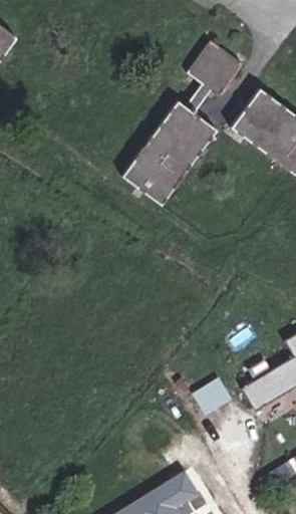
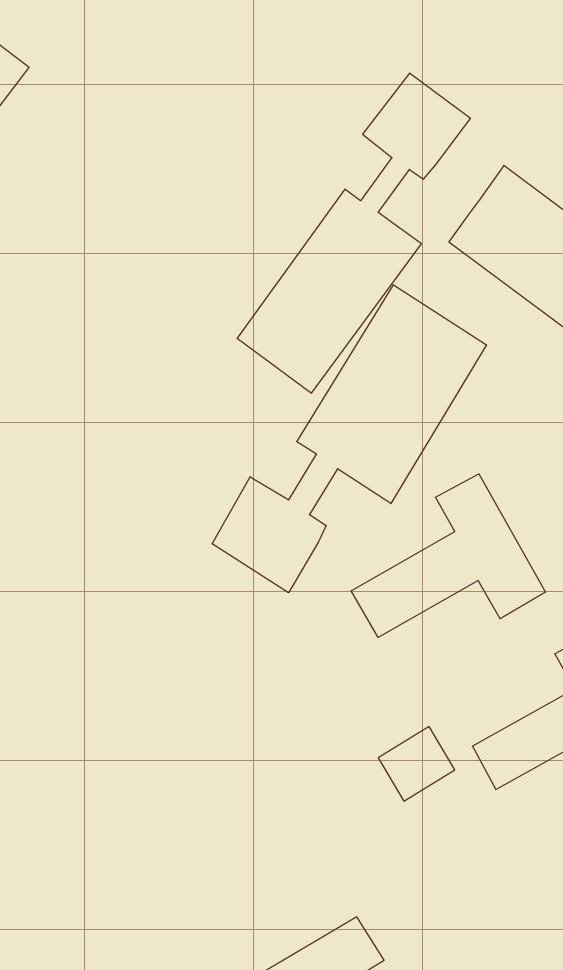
building: none -> [212,285,486,593]
building: none -> [351,474,545,637]

